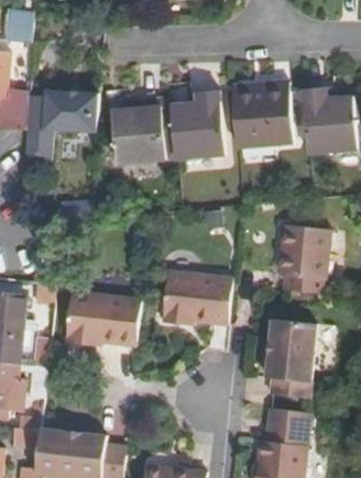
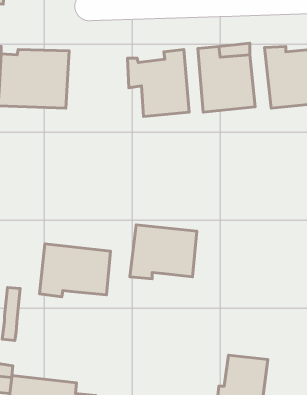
building: [114,100,177,165] -> none
building: [274,224,325,293] -> none
building: [263,319,311,399] -> none

